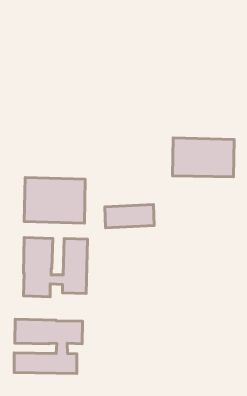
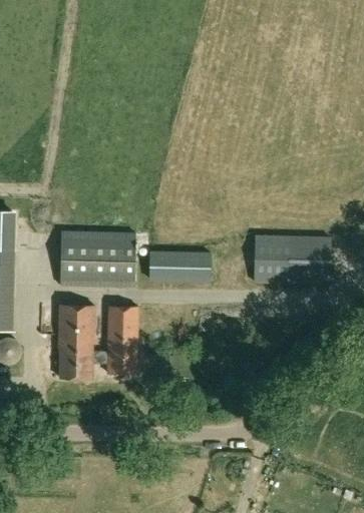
building: [173,138,234,177] -> [254,233,330,282]
building: [14,319,82,374] -> none

